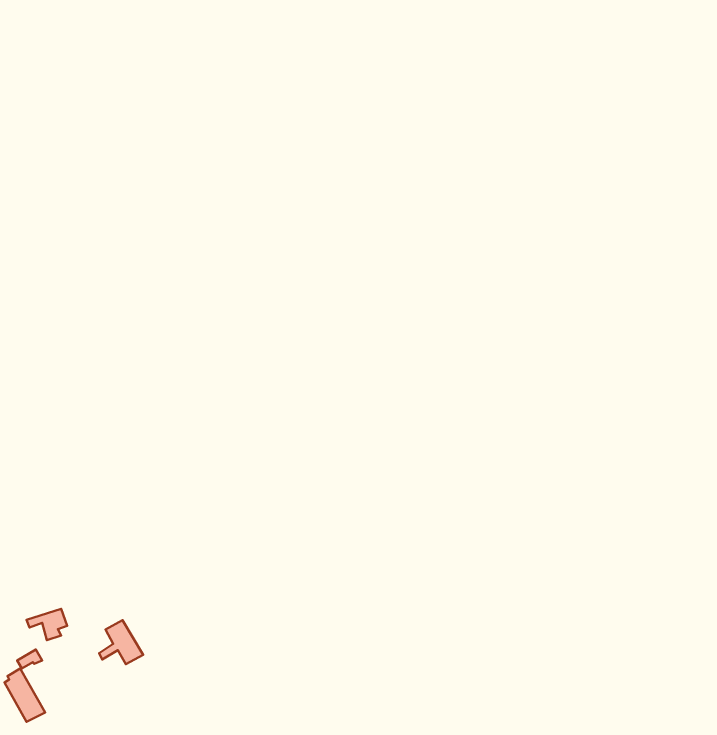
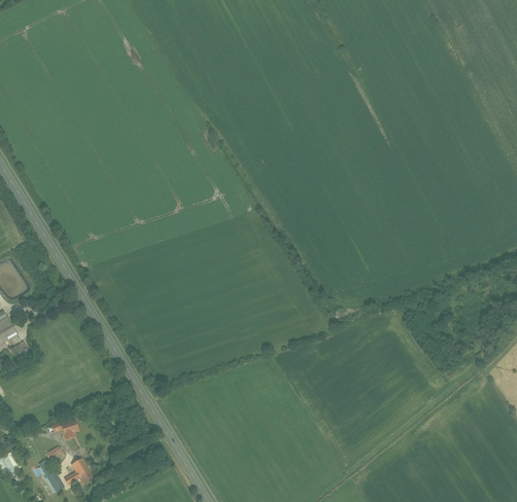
building: [99,620,143,664] -> [65,457,94,486]

